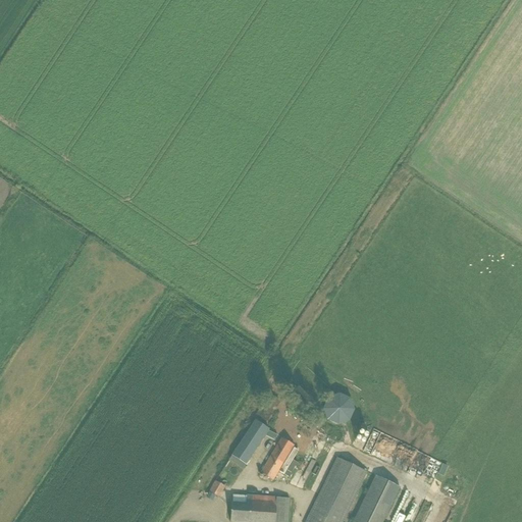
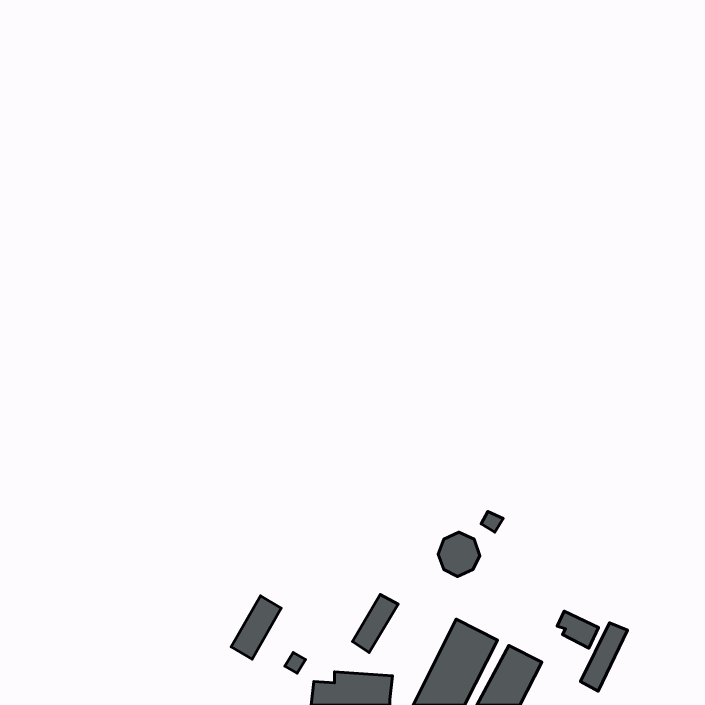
building: [230,418,267,465] -> [231,596,281,659]
building: none -> [581,623,628,691]

